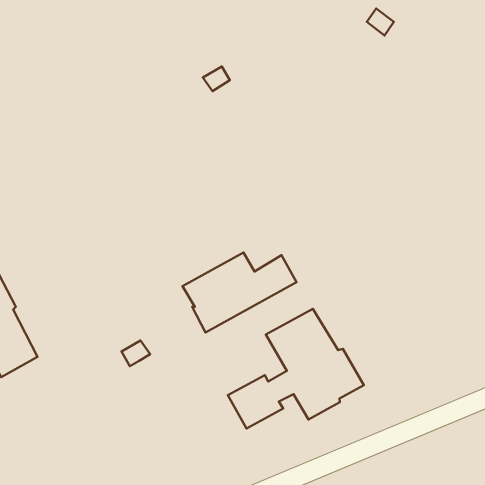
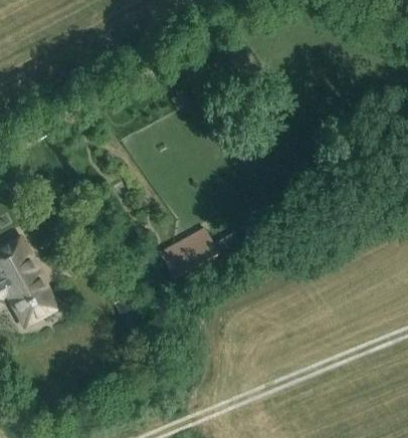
building: [228,309,364,429] -> none

